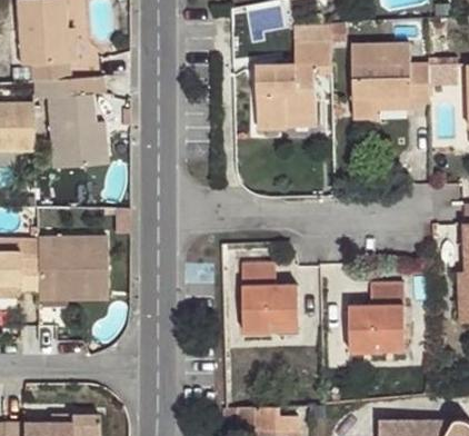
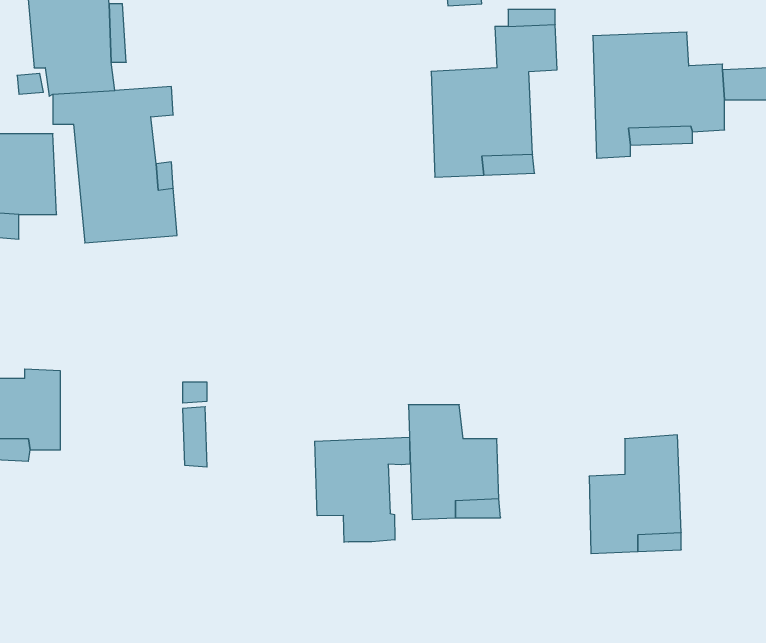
building: [37,237,106,299] -> none
building: none -> [315,437,410,542]

